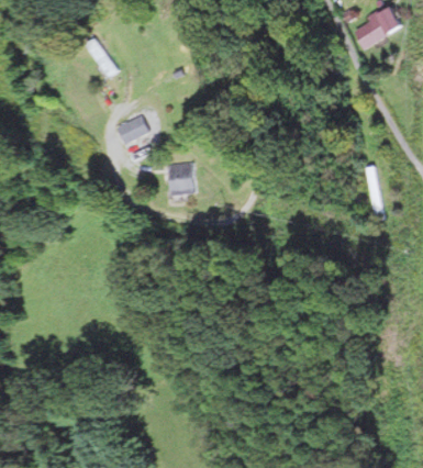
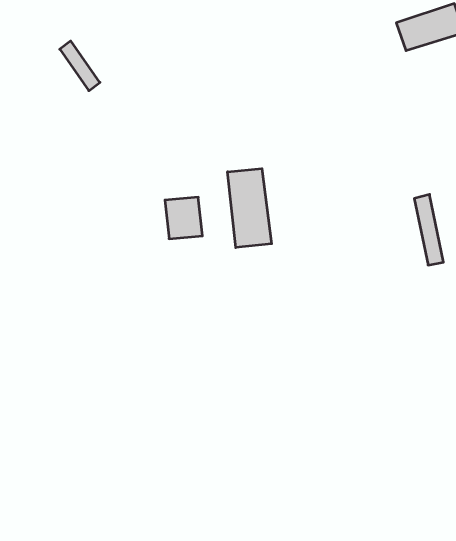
building: [115,115,147,145] -> none
building: none -> [228,169,272,248]

